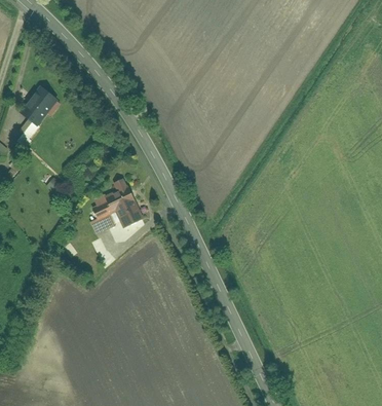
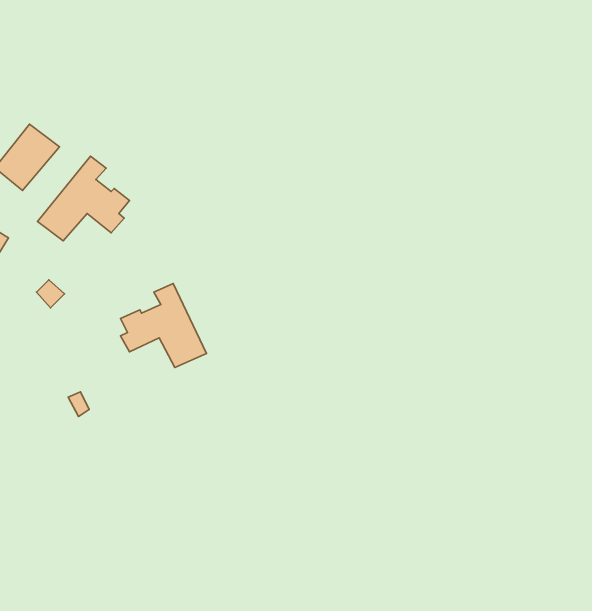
building: none -> [38,156,130,241]

